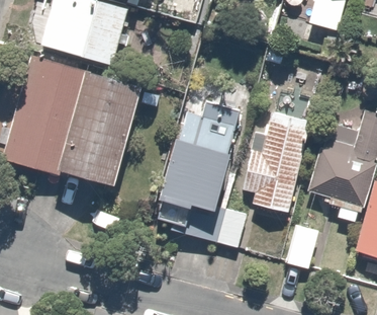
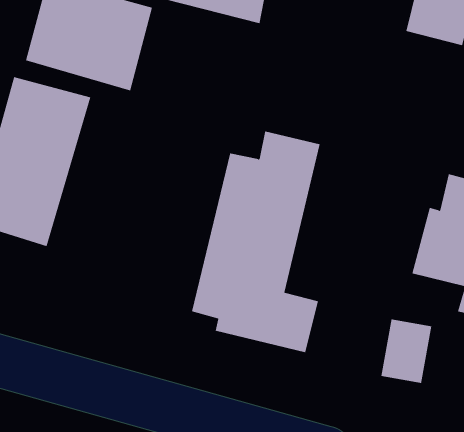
building: [56,71,140,187] -> none
building: [243,111,310,212] -> none

